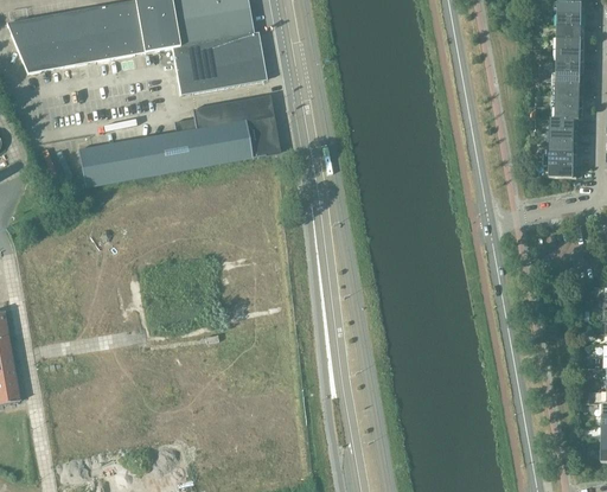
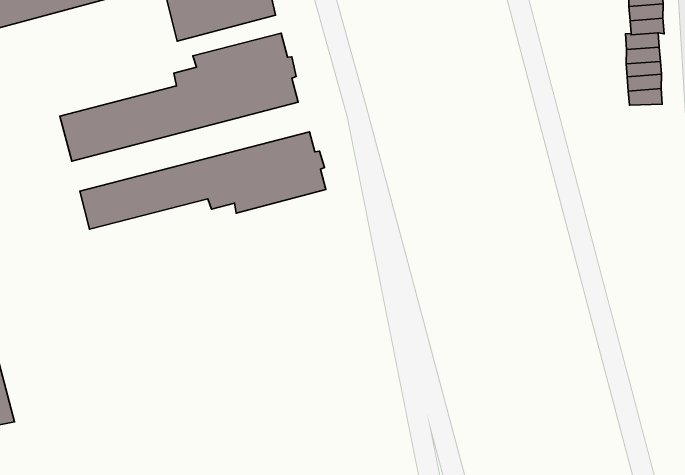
building: none -> [80,132,326,229]

